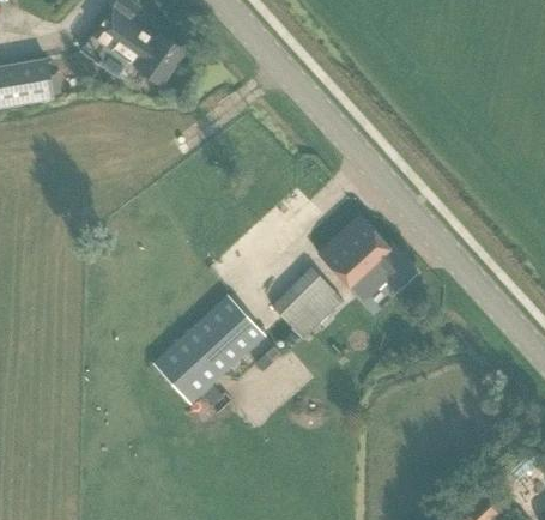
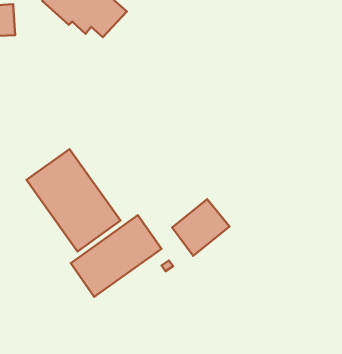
building: [320,216,419,292] -> none
building: none -> [27,149,120,251]

